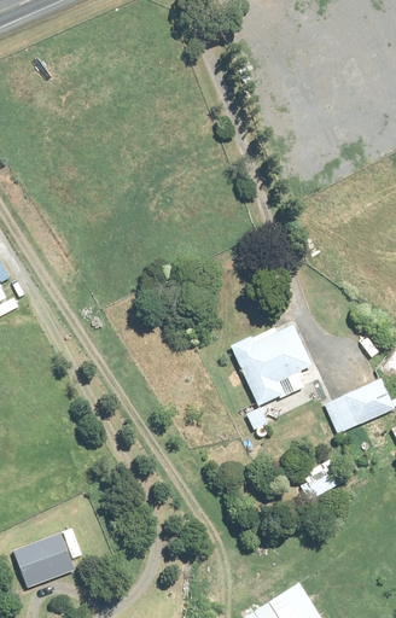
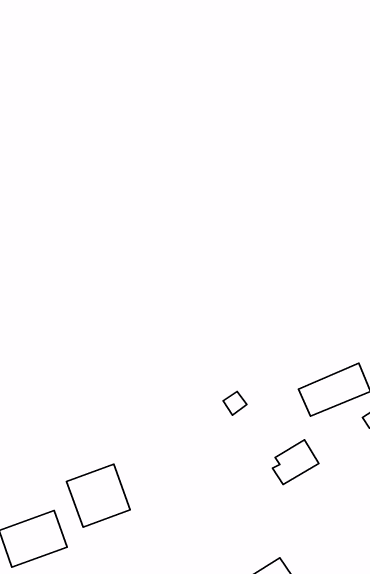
building: [232,325,310,406] -> none
building: none -> [67,464,130,527]

